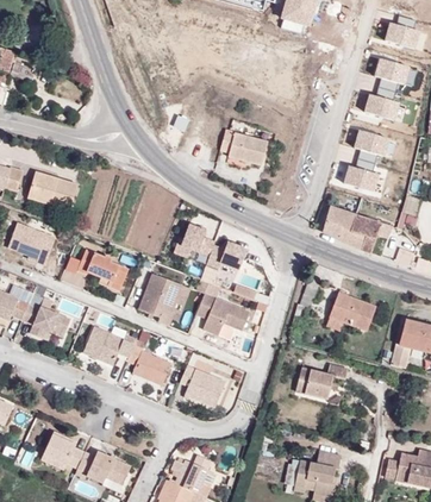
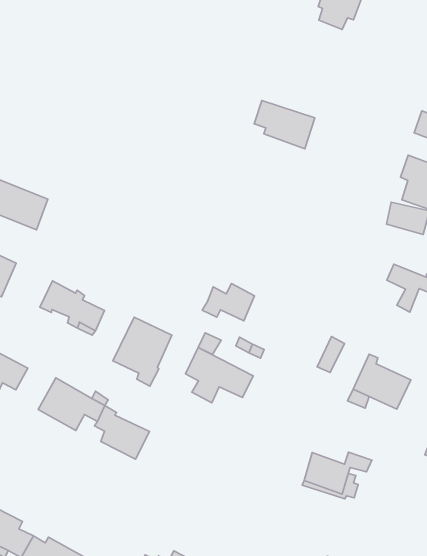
building: [220,130,268,165] -> [254,100,315,149]
building: [323,207,366,247] -> none
building: [174,224,214,257] -> none
building: [180,365,226,407] -> none

